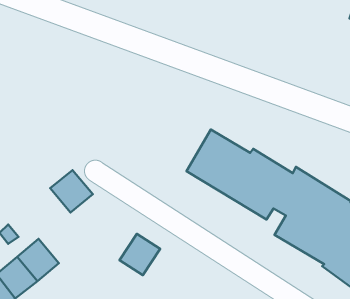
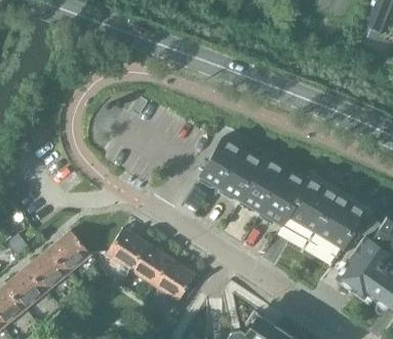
building: [50,170,93,213] -> [48,229,91,272]
building: none -> [106,226,148,269]
building: none -> [154,258,196,300]

